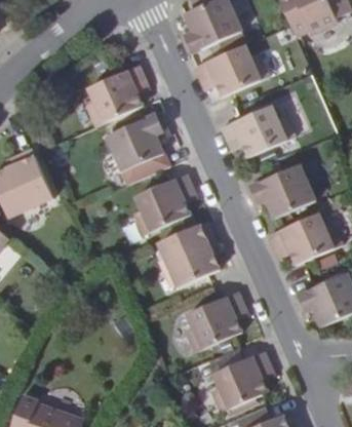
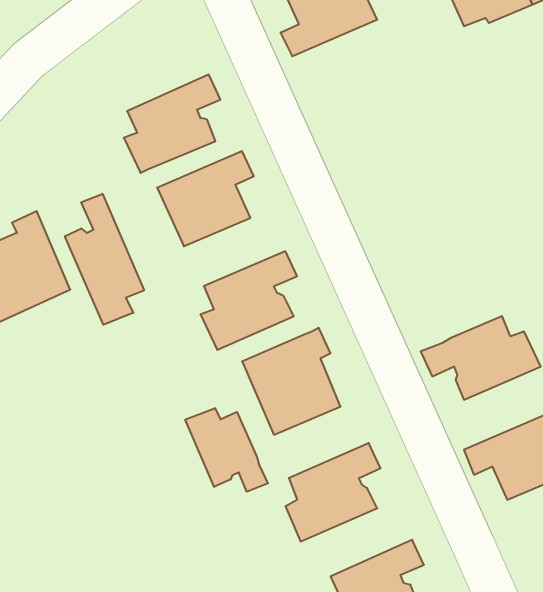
building: [194,44,268,96] -> none
building: [221,105,295,157] -> none
building: none -> [65,194,144,325]
building: [247,164,315,218] -> none
building: none -> [185,408,268,492]

